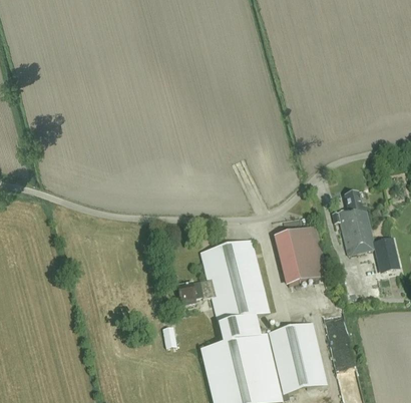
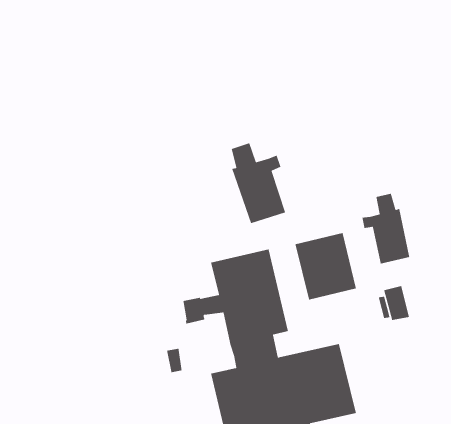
building: none -> [231,142,286,224]
building: [373,238,396,269] -> [383,285,410,321]

